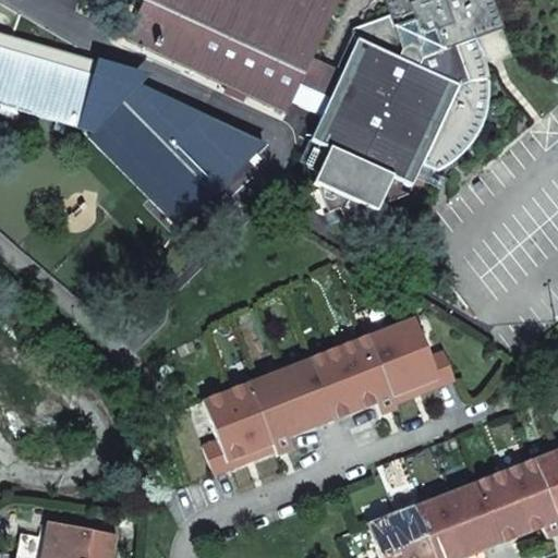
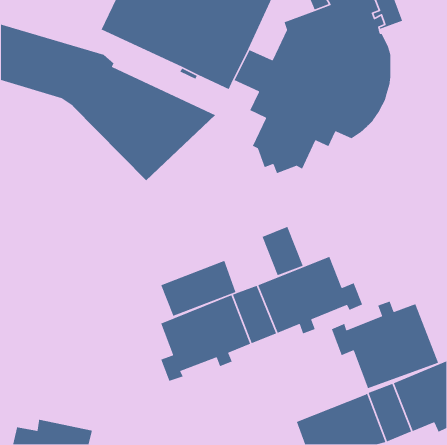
building: none -> [262,226,304,276]
building: none -> [160,260,236,317]
building: none -> [331,300,439,389]

